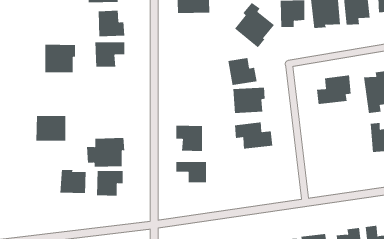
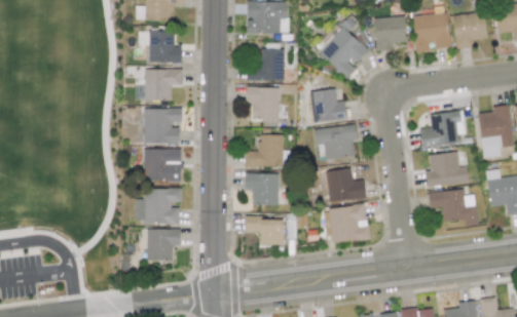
building: none -> [247,48,286,81]
building: [44,44,76,73] -> [144,108,183,144]
building: none -> [247,86,281,121]
building: none -> [246,133,284,168]
building: none -> [427,153,469,185]
building: [35,116,66,141] -> [144,149,182,181]
building: none -> [429,189,478,227]
building: none -> [326,204,369,243]
building: [60,169,86,194] -> none

